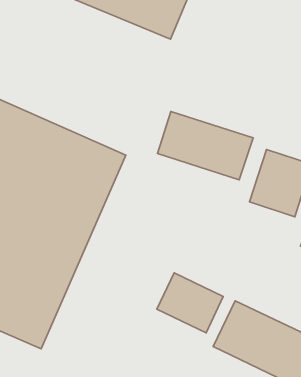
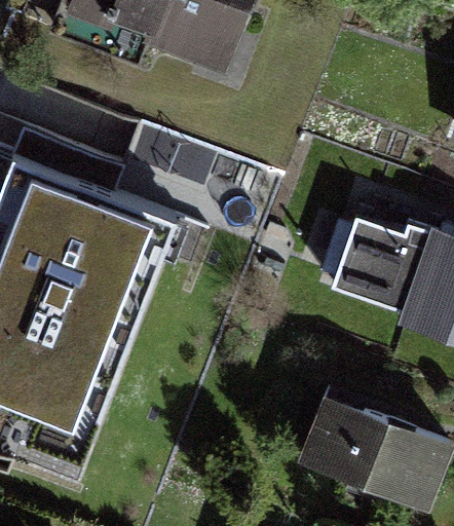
building: [157,111,253,180] -> none
building: [157,273,223,333] -> none

